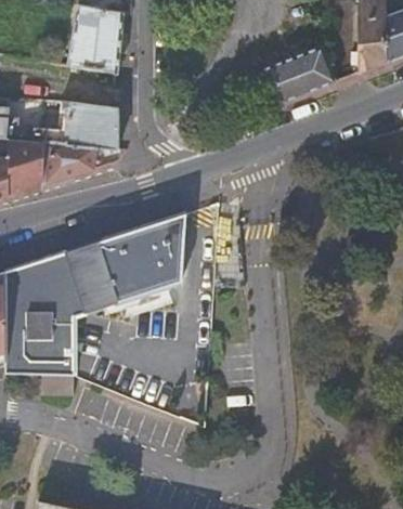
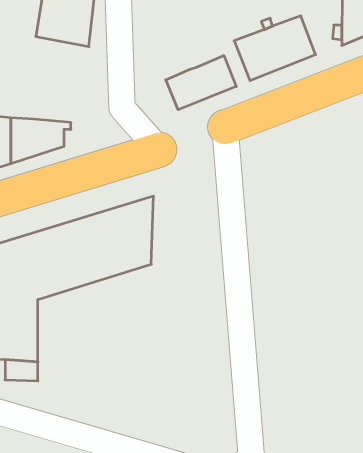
building: none -> [166,56,236,110]
building: [64,105,117,149] -> none

